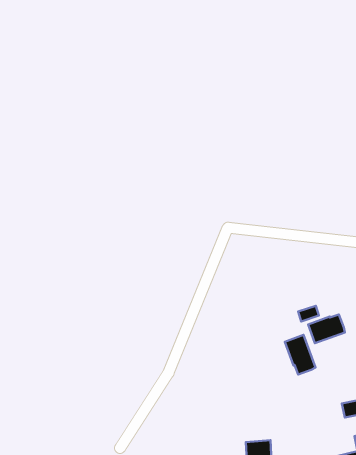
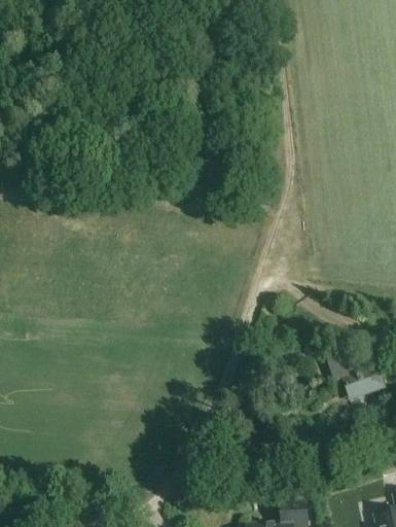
building: [285,335,316,374] -> none

